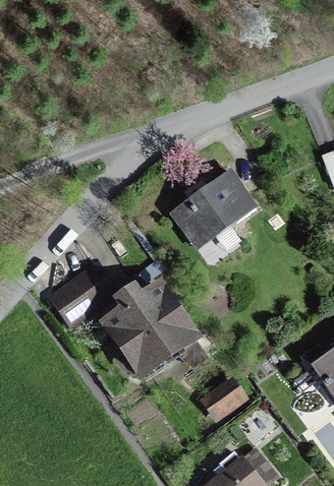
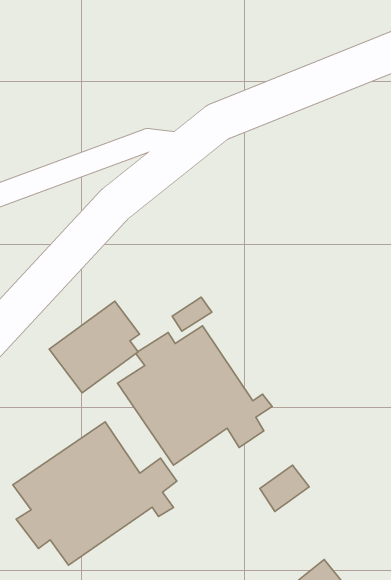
building: [170,170,255,244] -> none
building: none -> [13,422,177,565]

